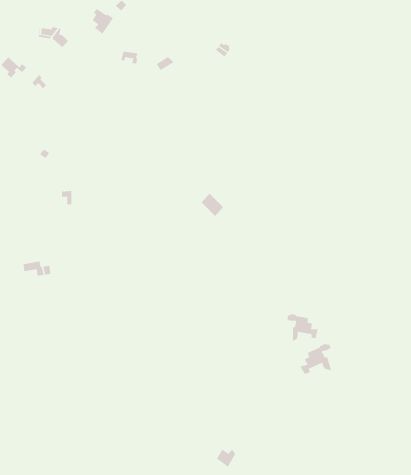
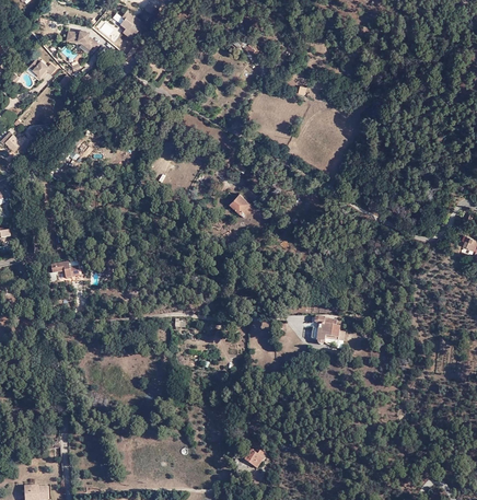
building: [300,343,332,375] -> none

